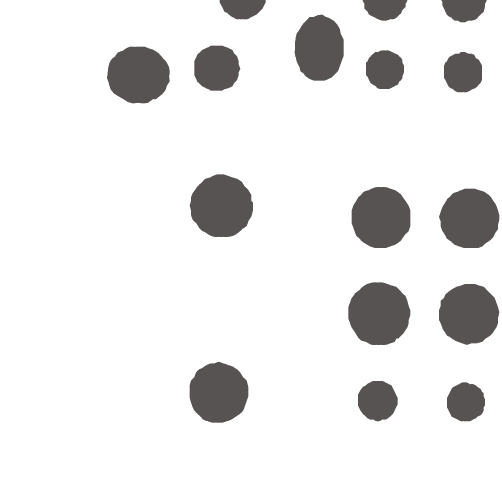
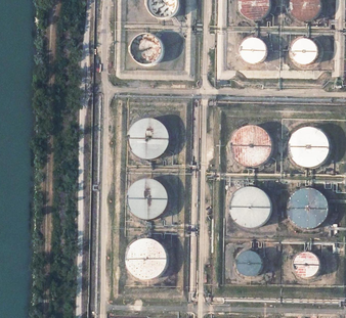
building: [294,14,344,82] -> none
building: [106,46,170,104] -> none
building: none -> [128,178,168,217]

